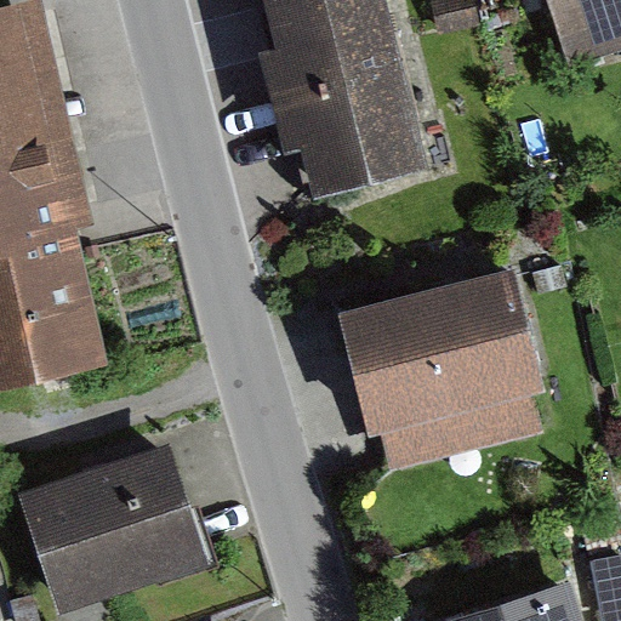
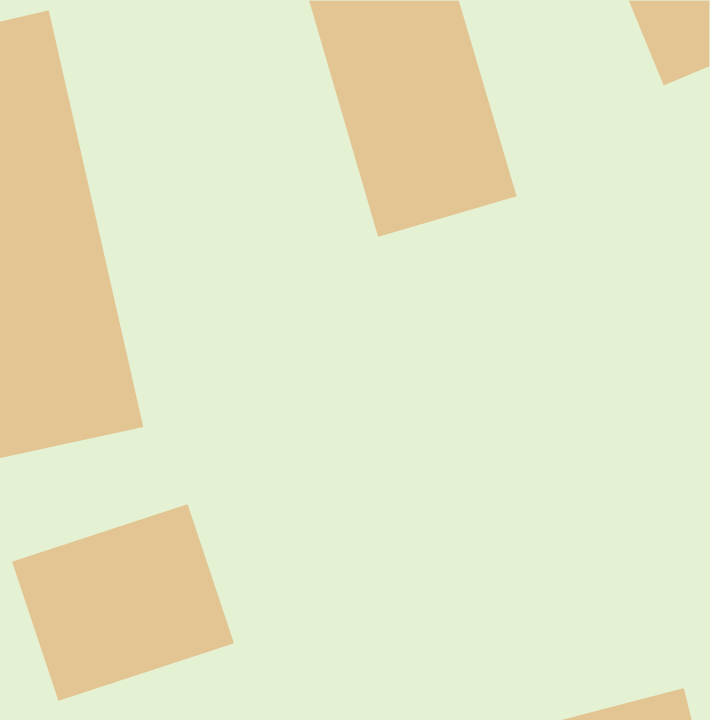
building: [330,258,535,465] -> none

